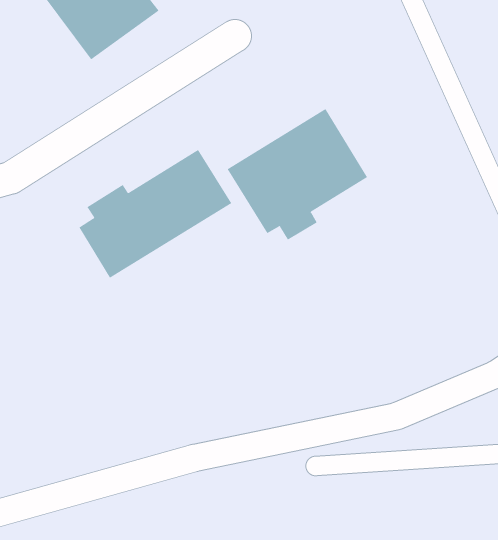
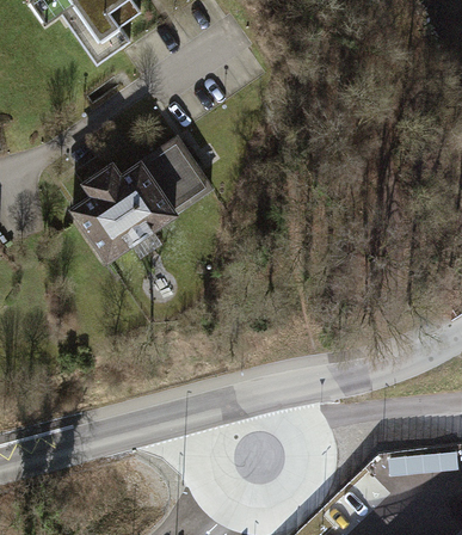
building: [227,108,368,241] -> none

